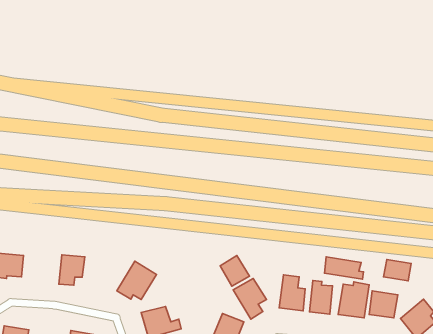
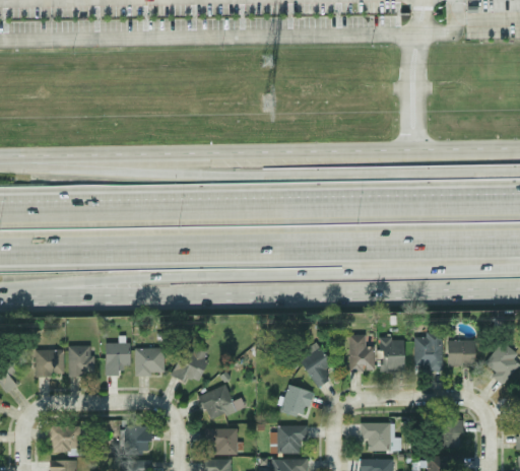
building: none -> [68,345,93,376]
building: [220,256,249,286] -> none
building: [324,257,363,279] -> none
building: [383,259,411,281] -> none
building: none -> [134,347,165,376]

